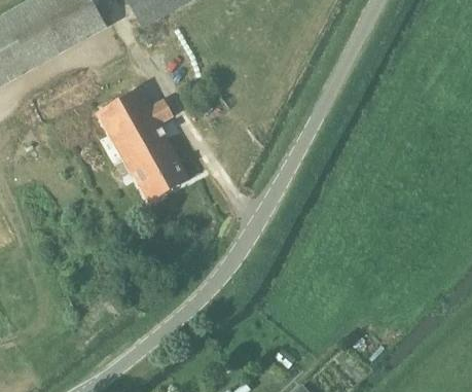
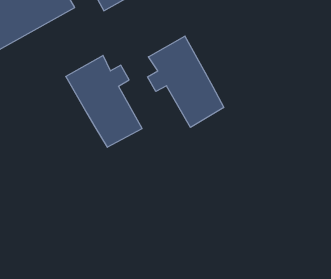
building: none -> [148,36,224,127]

